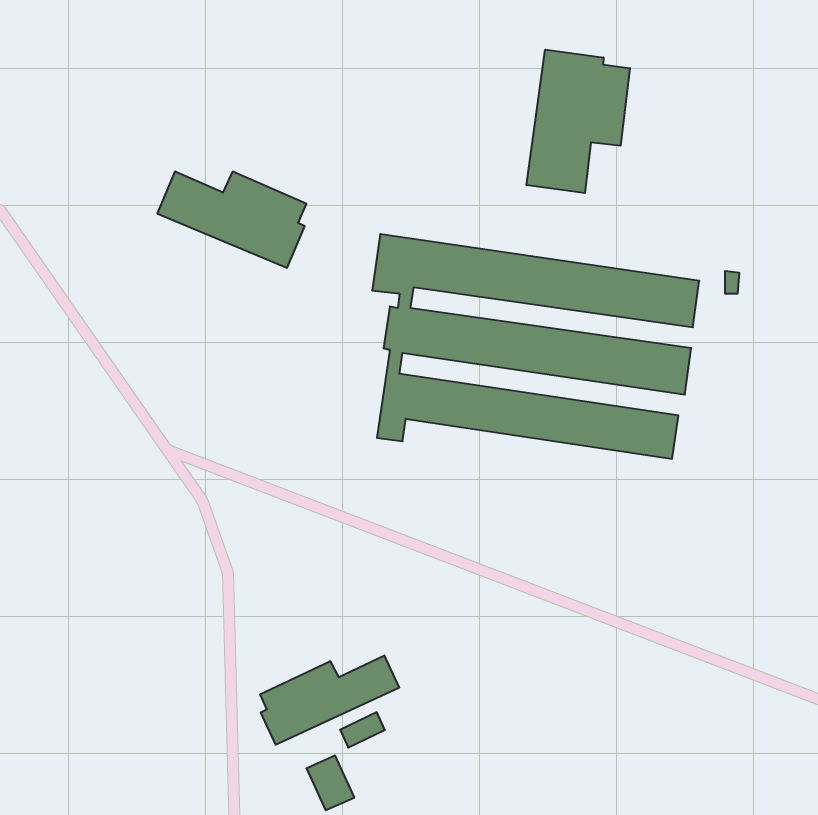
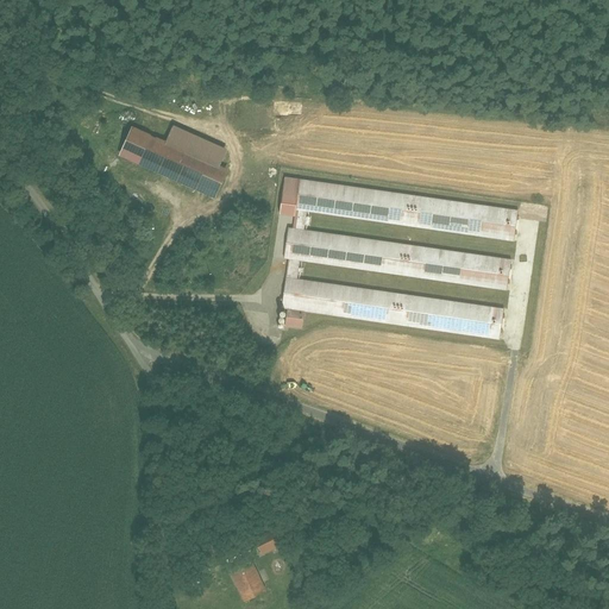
building: [527,50,630,193] -> none
building: [260,655,399,745] -> none

